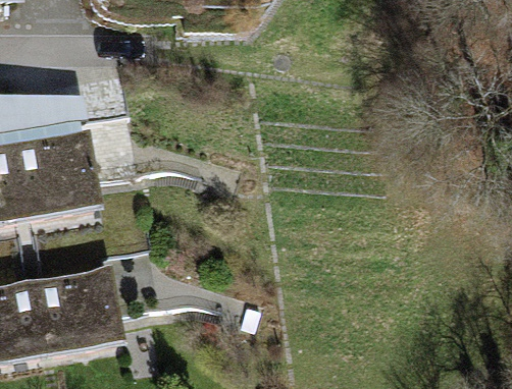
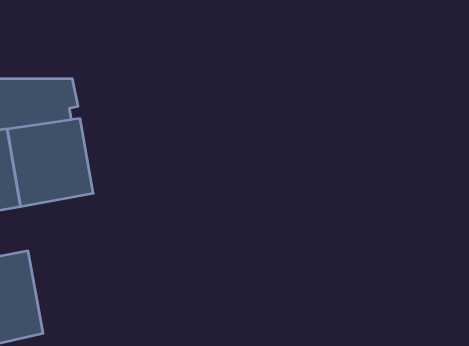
building: [31,261,123,362] -> none

